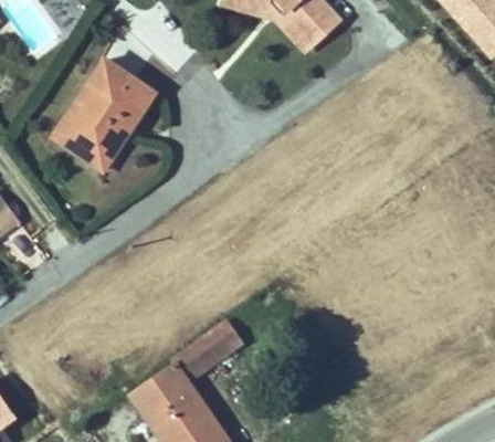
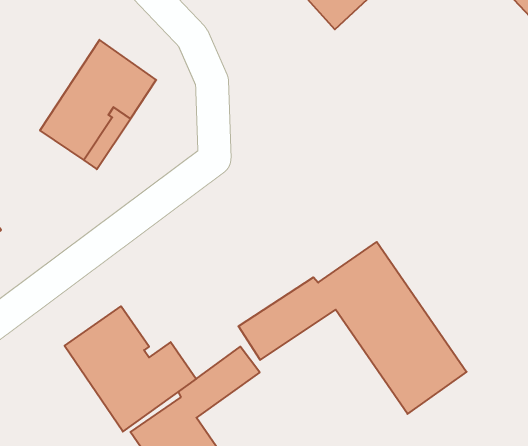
building: none -> [238,242,467,414]
building: none -> [65,306,196,432]

